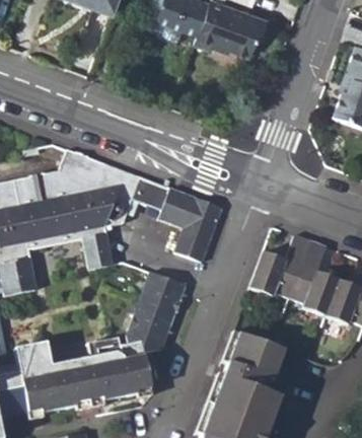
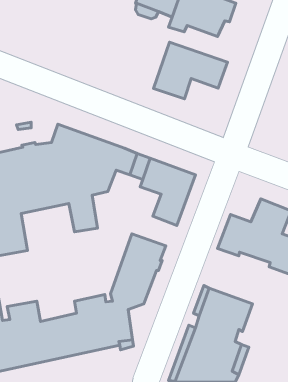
building: none -> [153,42,228,99]

